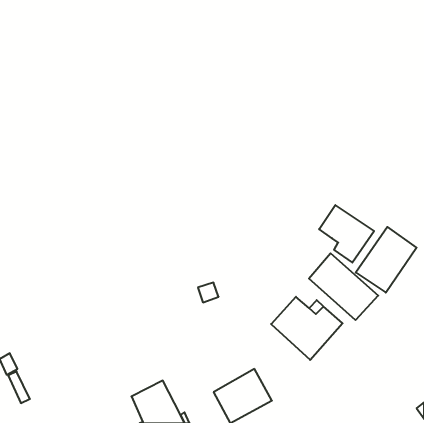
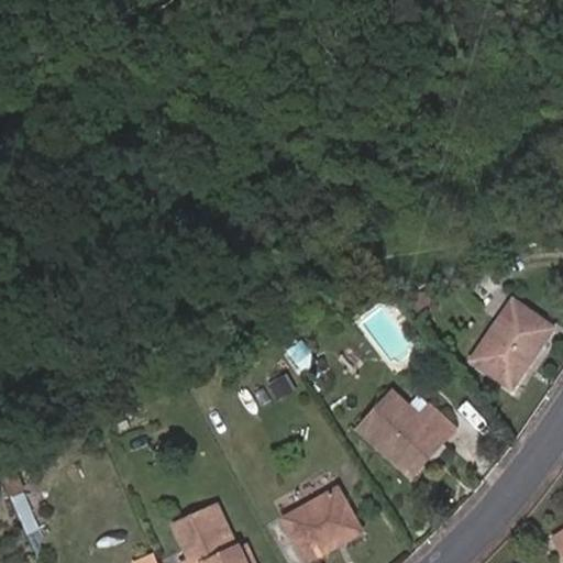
building: [319,205,374,263] -> none
building: [309,253,378,320] -> none

